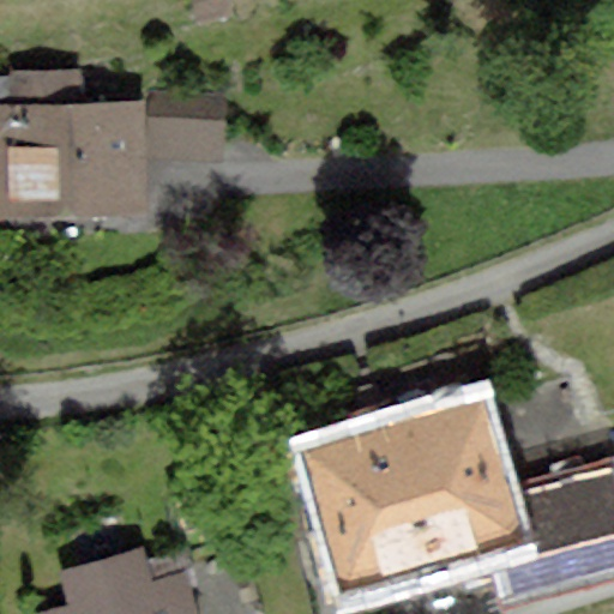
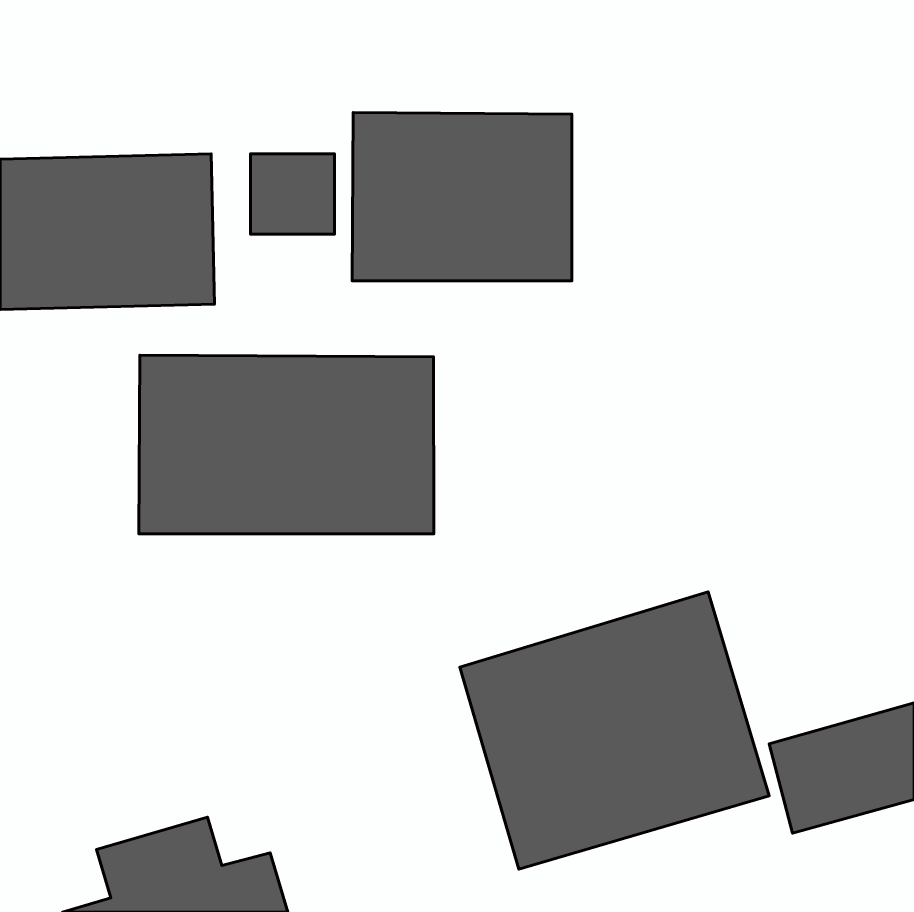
building: none -> [352,113,572,281]
building: none -> [139,355,434,534]

